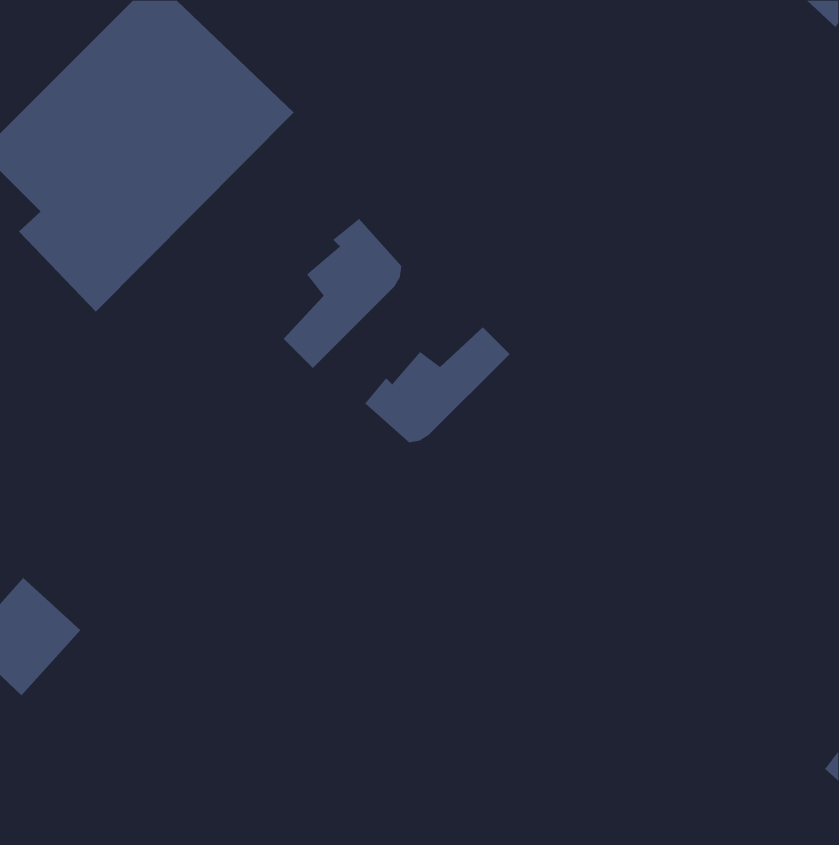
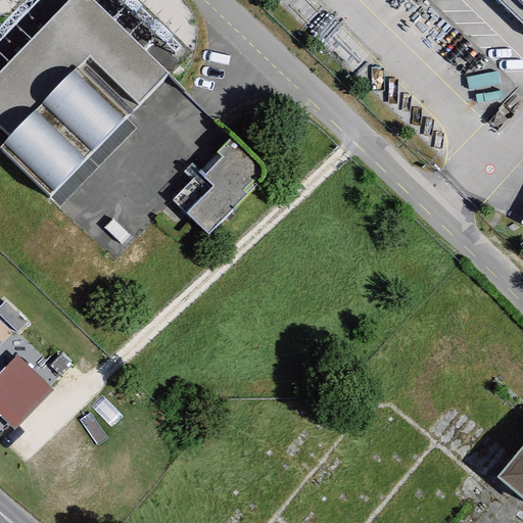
building: [365,327,510,443] -> none

